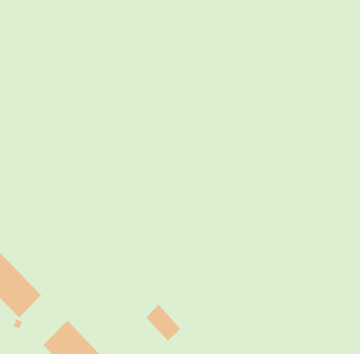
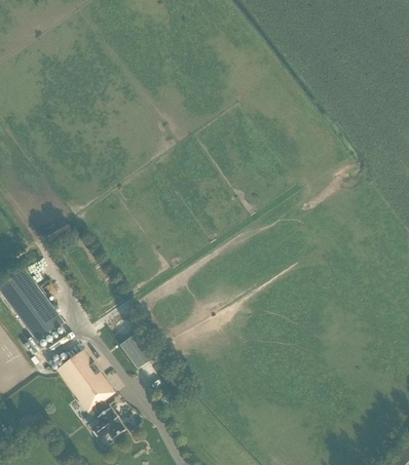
building: [146,304,181,342] -> [119,332,151,369]

